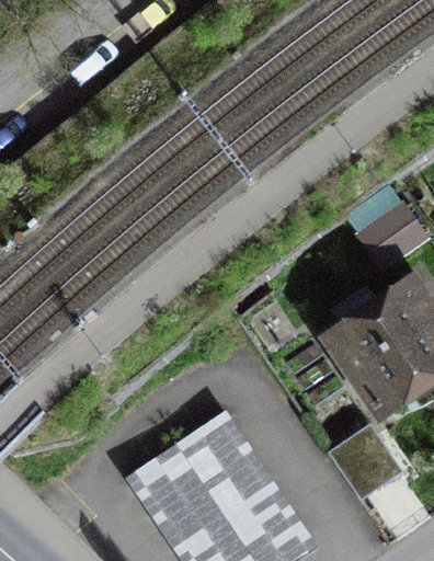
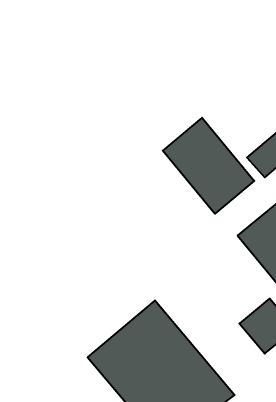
building: none -> [163,118,254,214]

